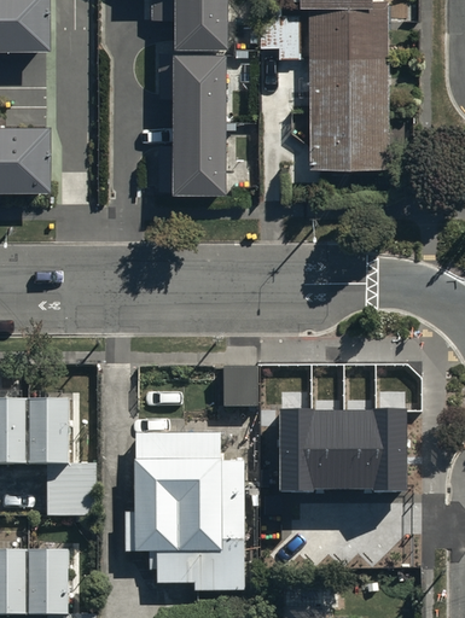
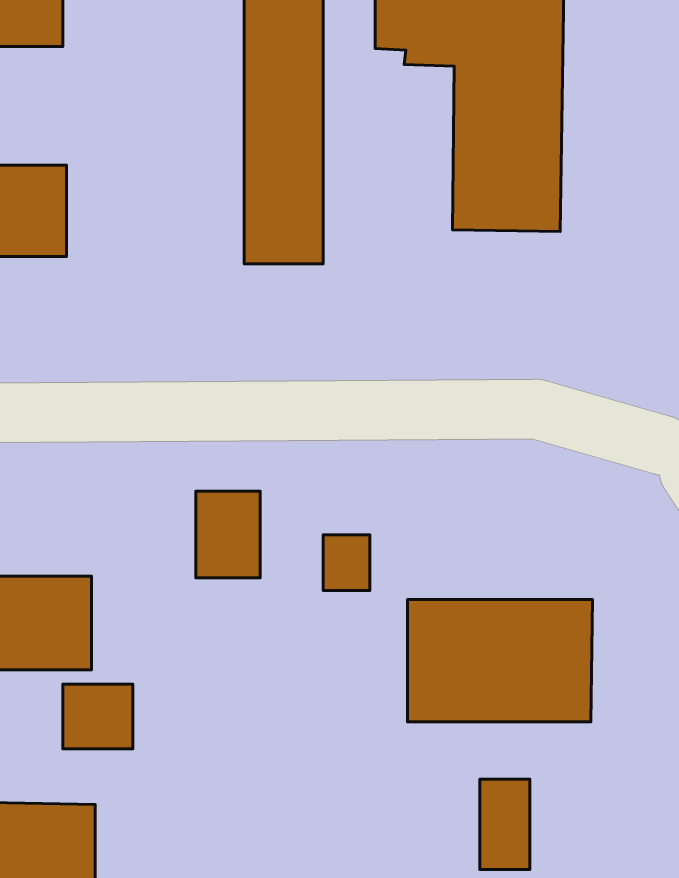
building: none -> [196,491,260,578]
building: [126,432,245,590] -> none
building: none -> [480,779,530,869]

